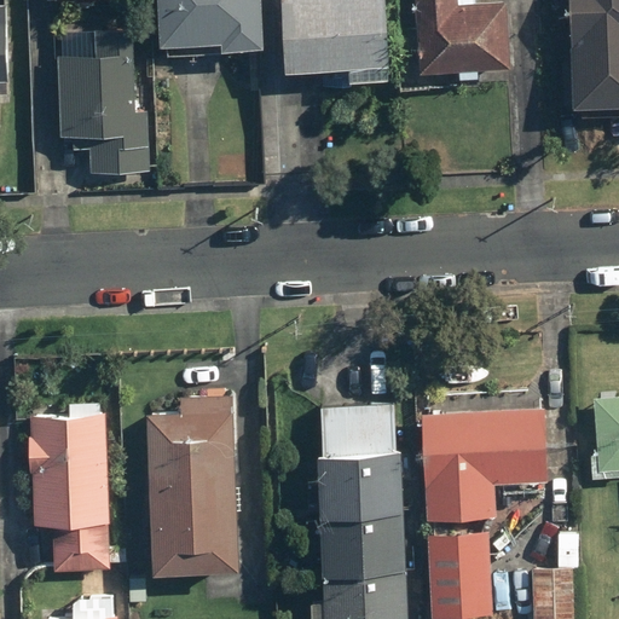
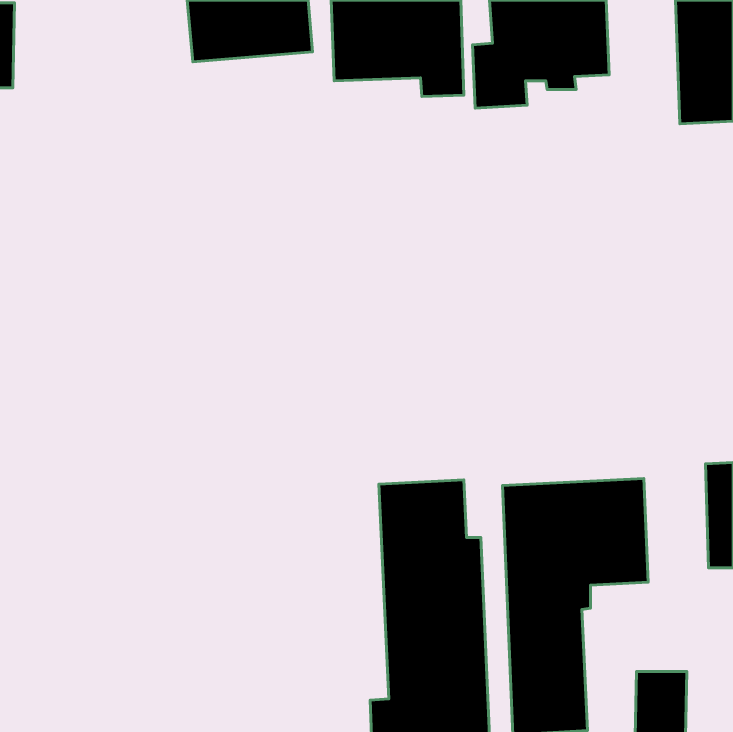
building: [57,30,154,175] -> none
building: [150,392,241,569] -> none
building: [31,398,109,573] -> none

